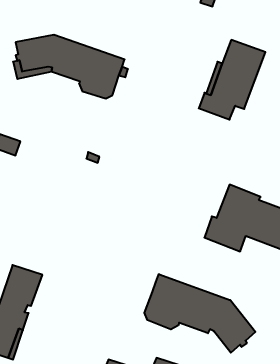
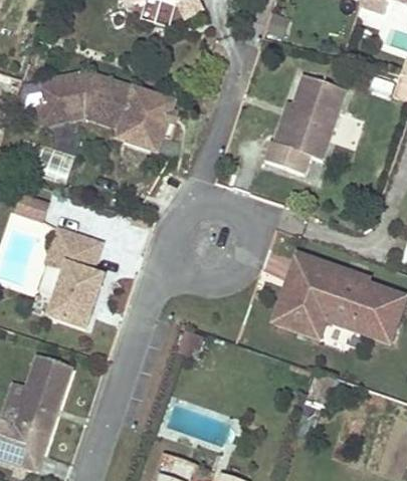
building: none -> [45,227,104,328]
building: [144,274,255,353] -> none

